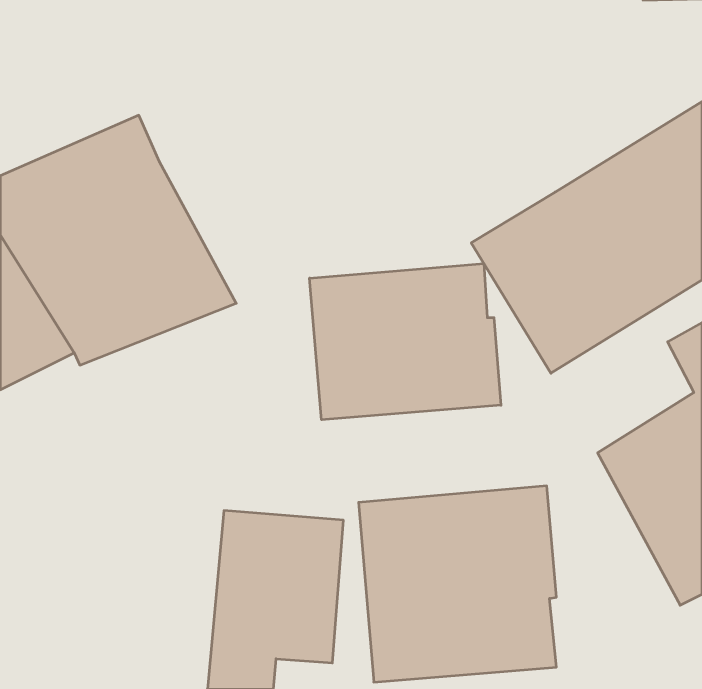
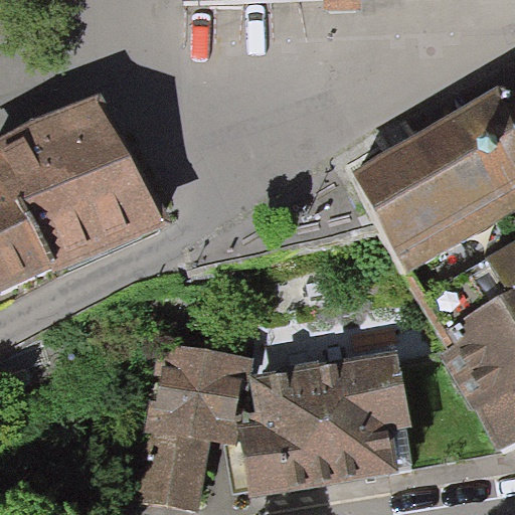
building: [310,263,501,420] -> none

